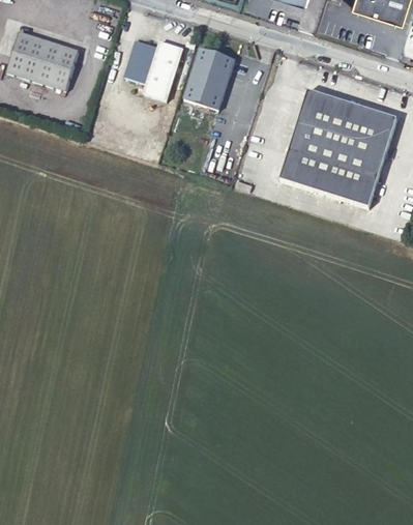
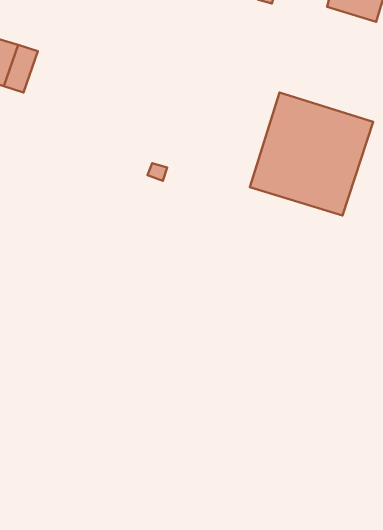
building: [123,39,182,100] -> none
building: [184,49,234,106] -> none

